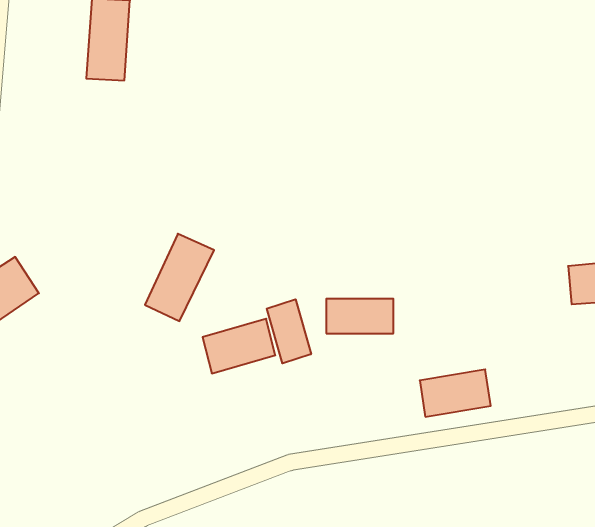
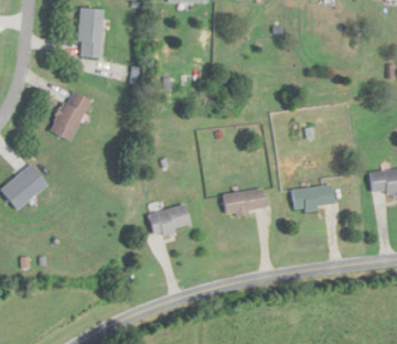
building: [145,234,214,321] -> [50,90,92,143]
building: [267,299,311,363] -> none
building: [420,369,491,417] -> [290,183,333,212]

